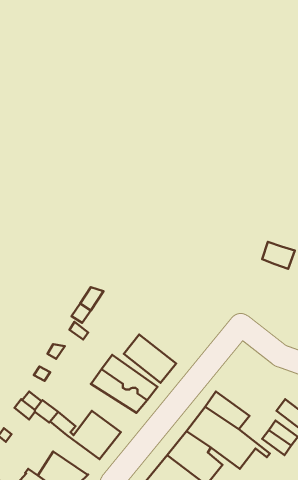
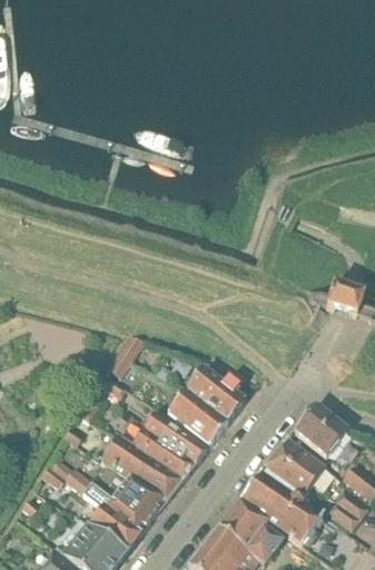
building: none -> [184,368,244,424]
building: none -> [292,405,345,456]
building: none -> [99,436,180,503]
building: none -> [272,440,323,484]
building: none -> [85,507,138,552]

